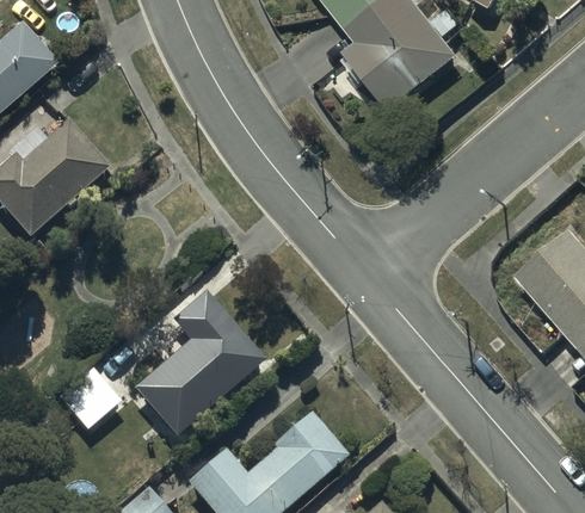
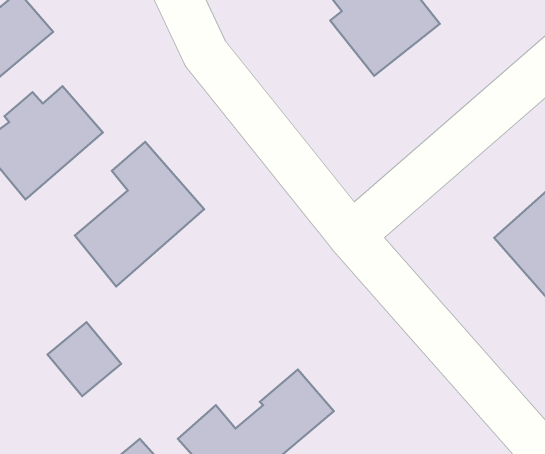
building: [131,290,265,439] -> [75,142,204,286]

